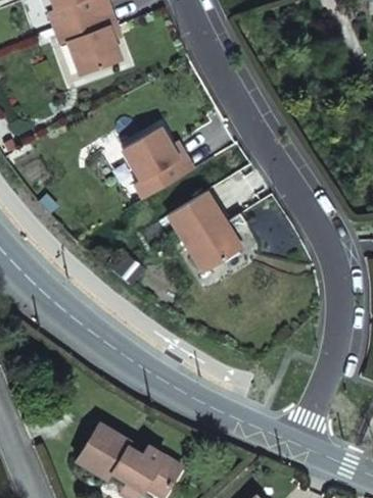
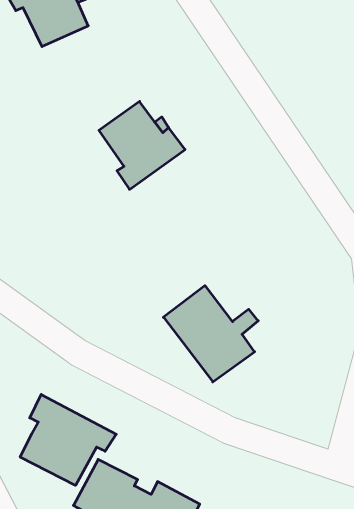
building: [168,191,246,271] -> [163,286,258,382]
building: none -> [20,394,116,485]

